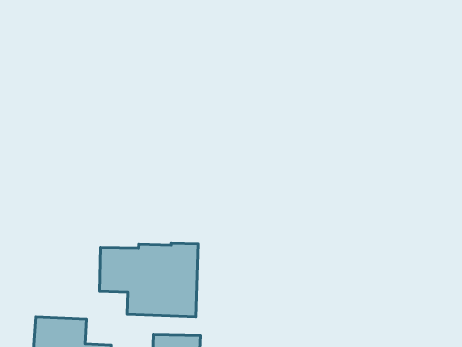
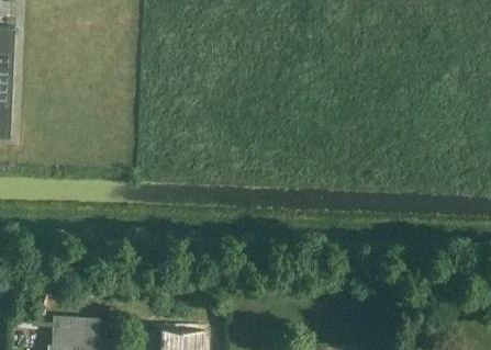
building: [99,243,198,317] -> none

